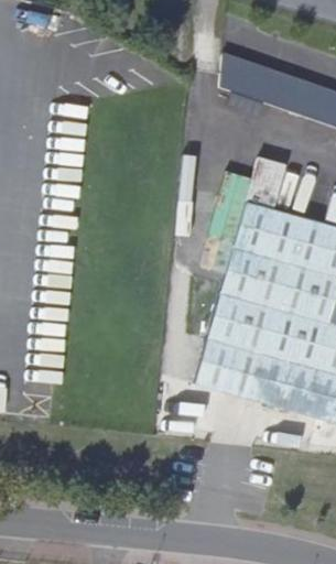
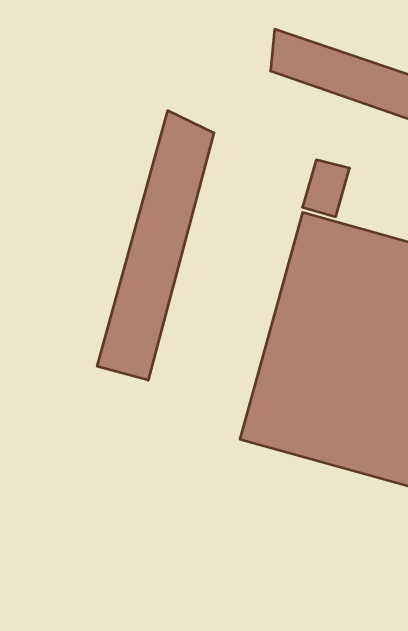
building: none -> [97,111,214,380]

